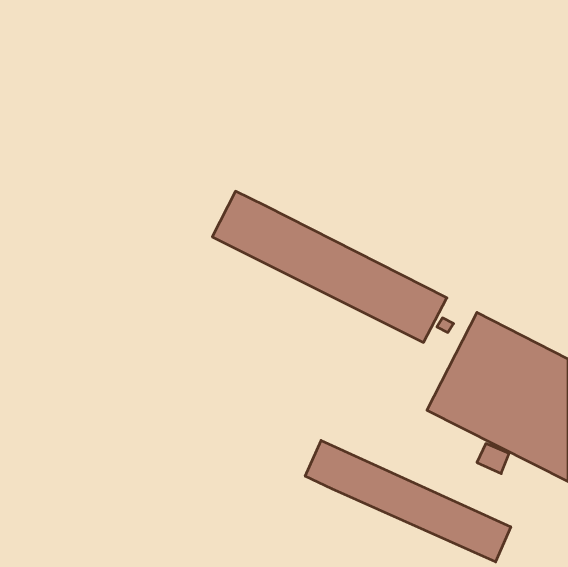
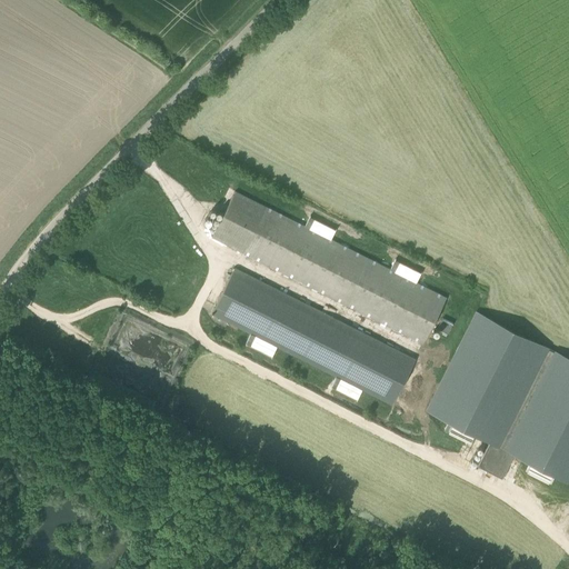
building: none -> [211,269,416,406]
building: [305,440,511,562] -> none

